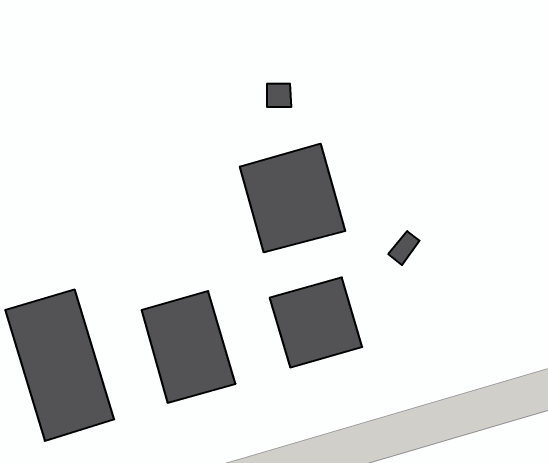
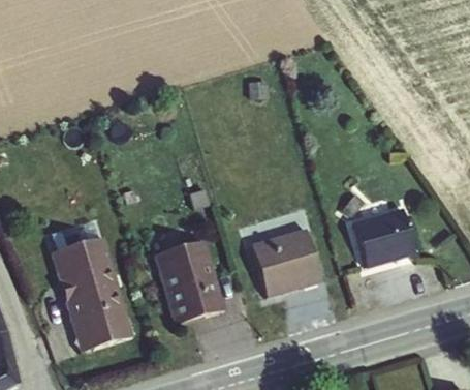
building: [240,144,345,252] -> none
building: none -> [352,206,415,267]

